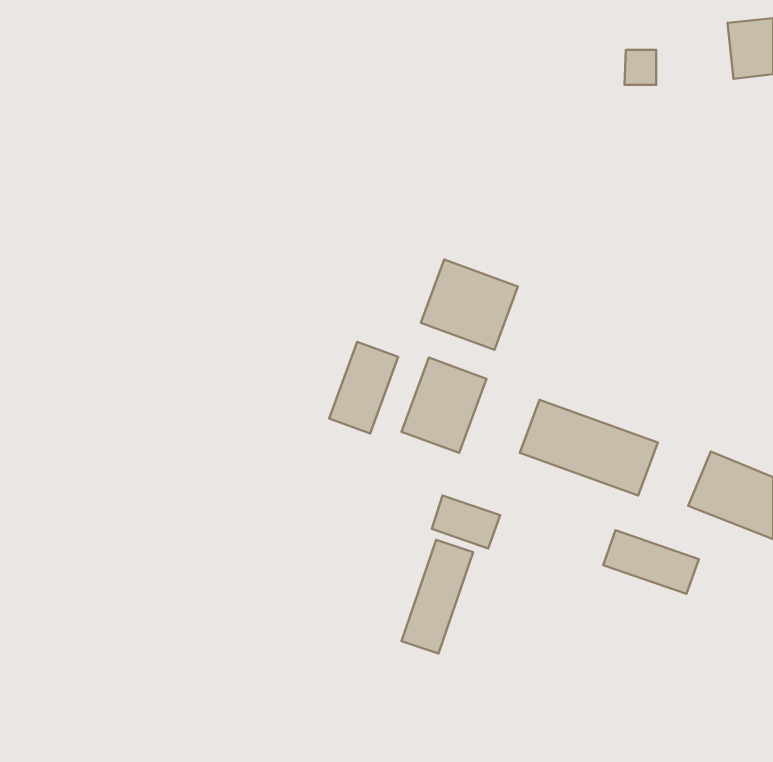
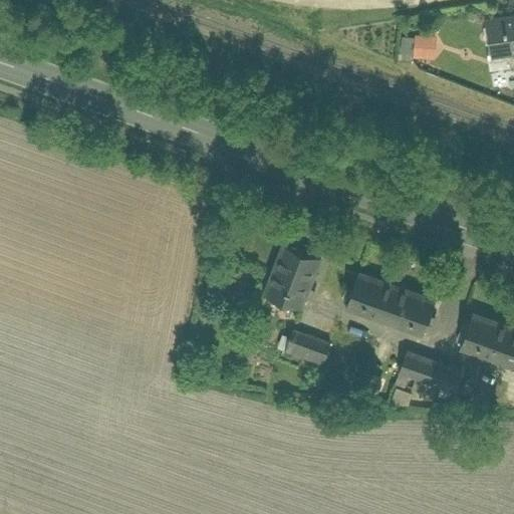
building: [421,259,518,350] -> none
building: [329,342,398,434] -> none
building: [402,540,473,654] -> none

